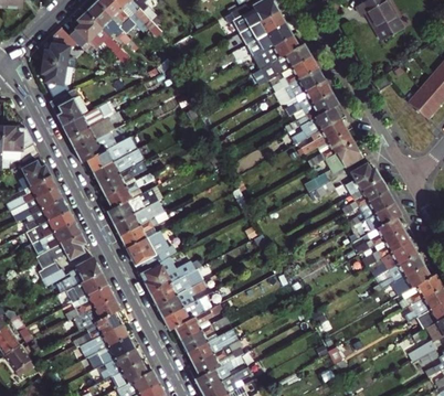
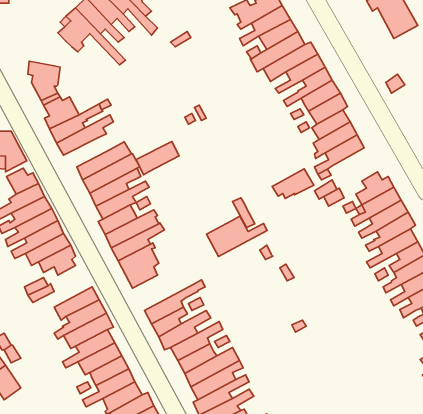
building: [42,25,76,65] -> none
building: [74,131,114,162] -> [136,142,179,175]
building: [324,141,362,169] -> [272,169,314,198]
building: [138,255,194,292] -> [206,216,267,257]
building: [61,256,101,289] -> none

